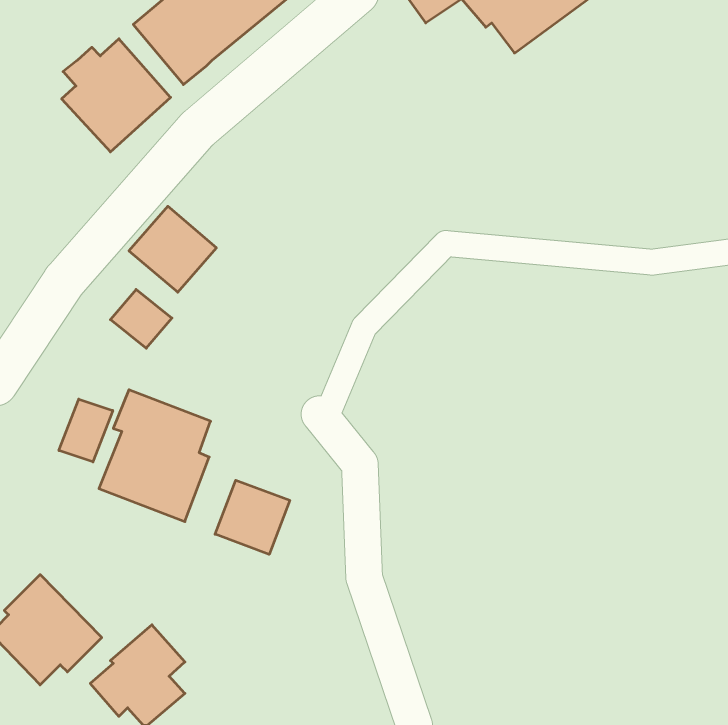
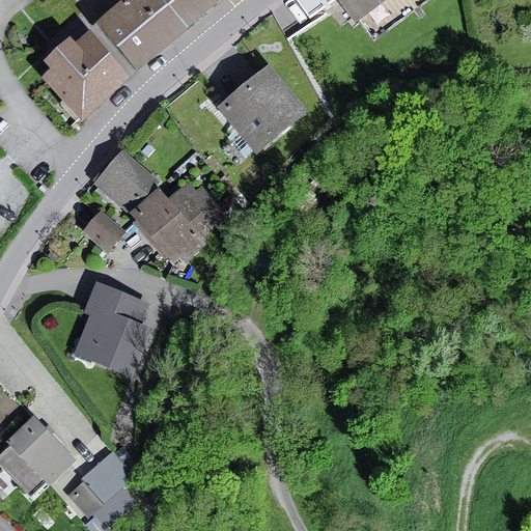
building: none -> [217,65,307,155]
building: none -> [129,181,220,262]
building: [59,399,113,462] -> none
building: [215,480,290,554] -> none

